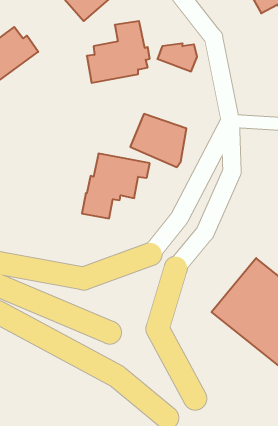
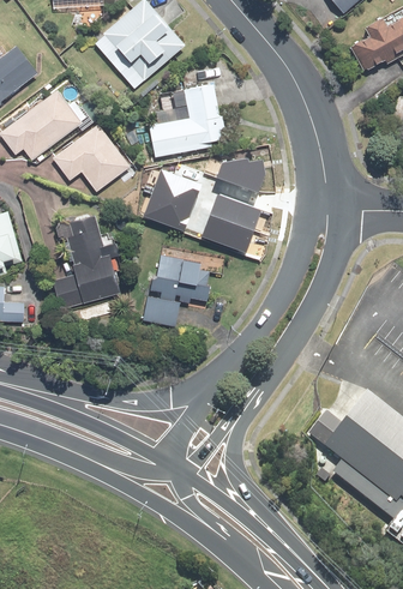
building: [157,43,197,71] -> [216,158,265,193]
building: none -> [52,122,131,192]
building: none -> [143,169,200,232]
building: none -> [52,214,121,309]

